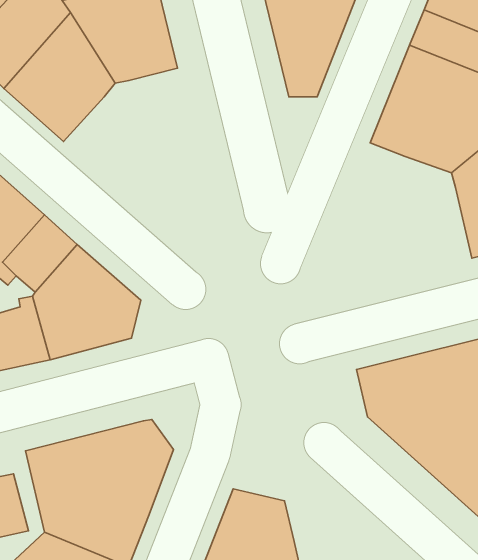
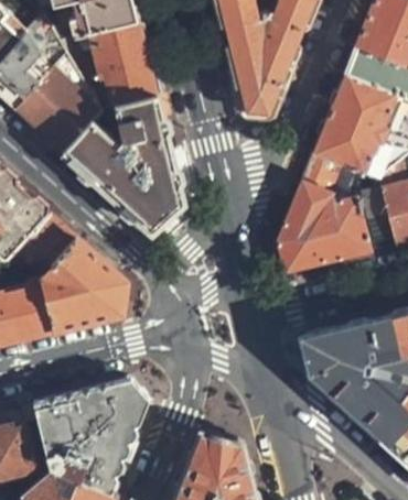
building: none -> [63,93,183,232]
building: none -> [278,153,372,273]

